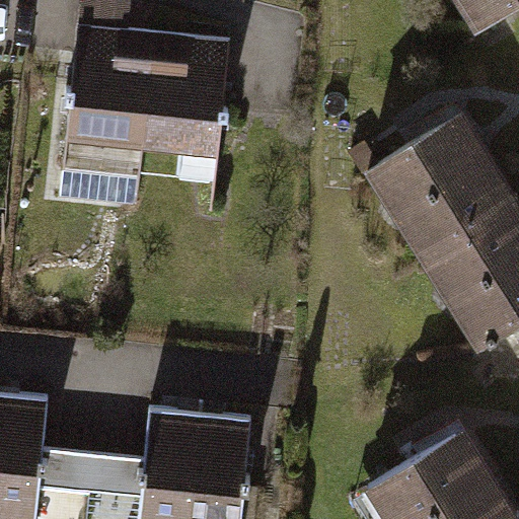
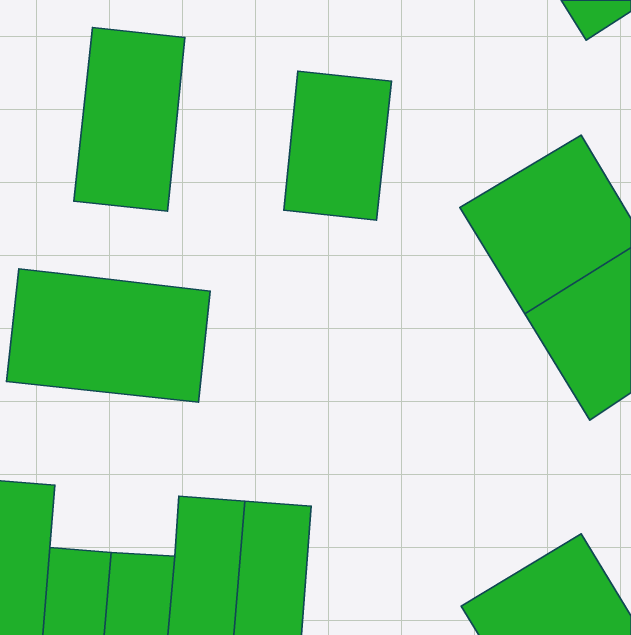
building: [139,33,226,154] -> [284,71,391,220]
building: none -> [7,269,210,402]

